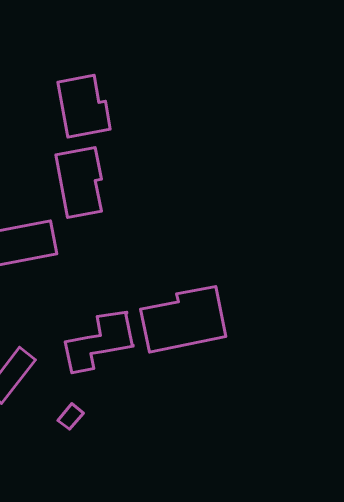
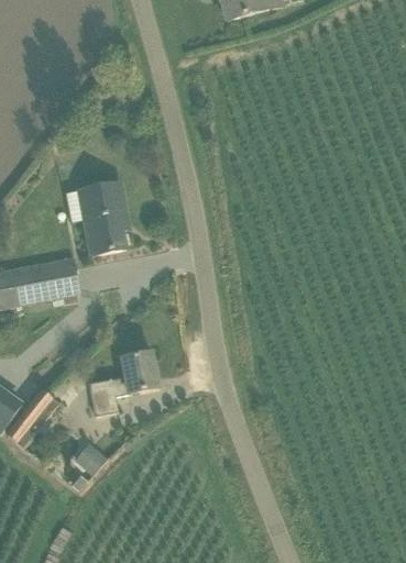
building: [58,75,110,137] -> none
building: [141,286,226,352] -> none

